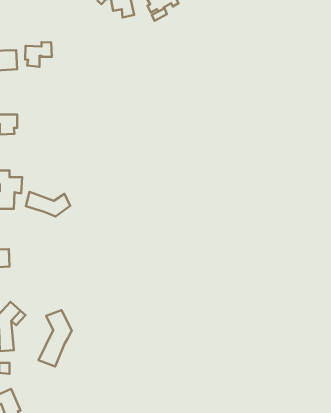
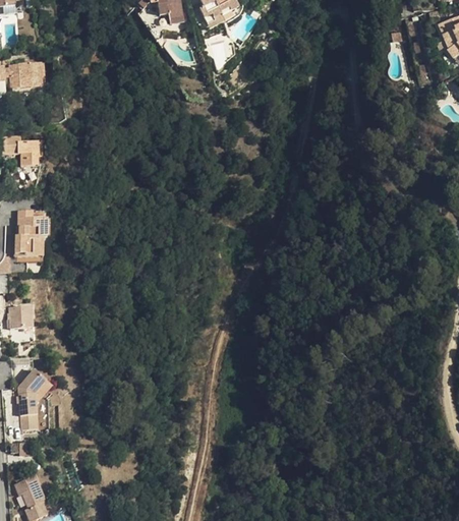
building: [25,42,52,67] -> none
building: [26,192,70,216] -> none
building: [39,310,72,367] -> none

